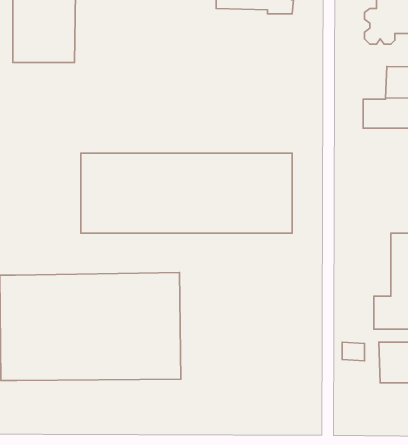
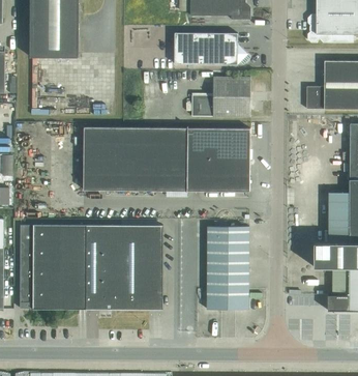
building: none -> [175,32,250,65]
building: none -> [192,77,250,116]
building: none -> [207,226,249,309]

